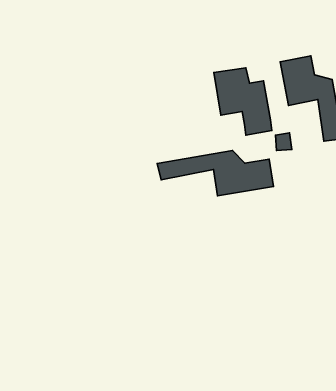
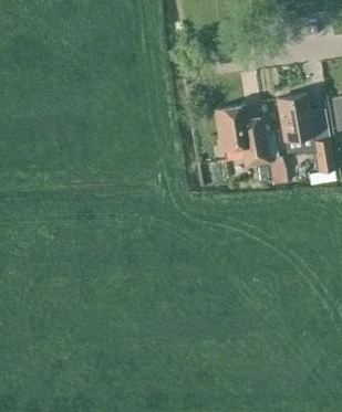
building: [157,150,274,196] -> none

